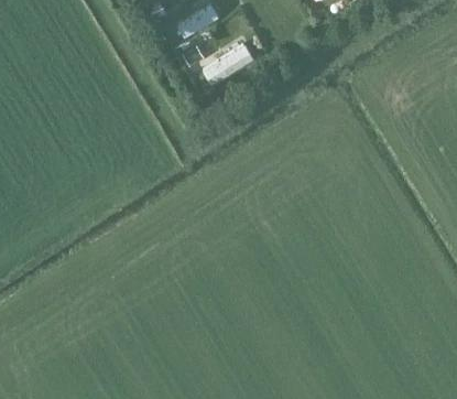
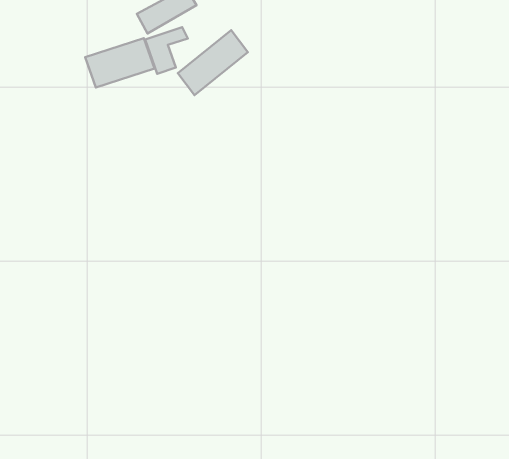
building: none -> [85,38,154,88]

